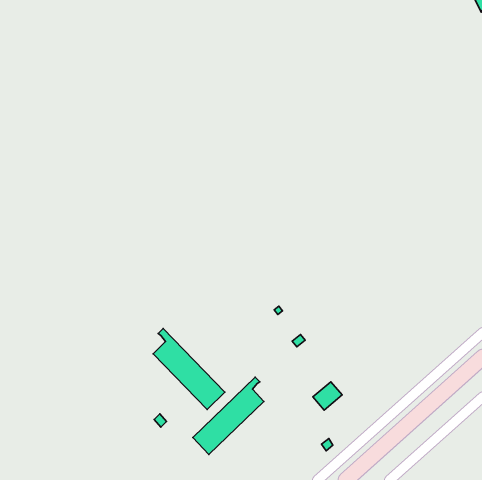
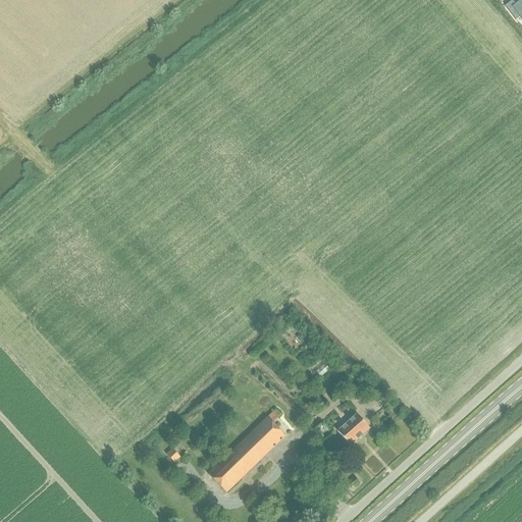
building: [153,329,225,410] -> none

